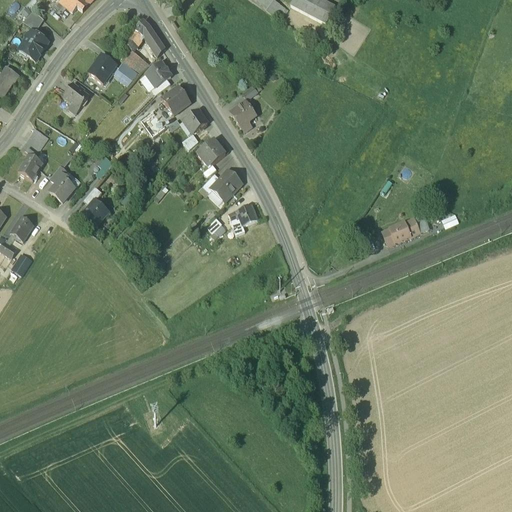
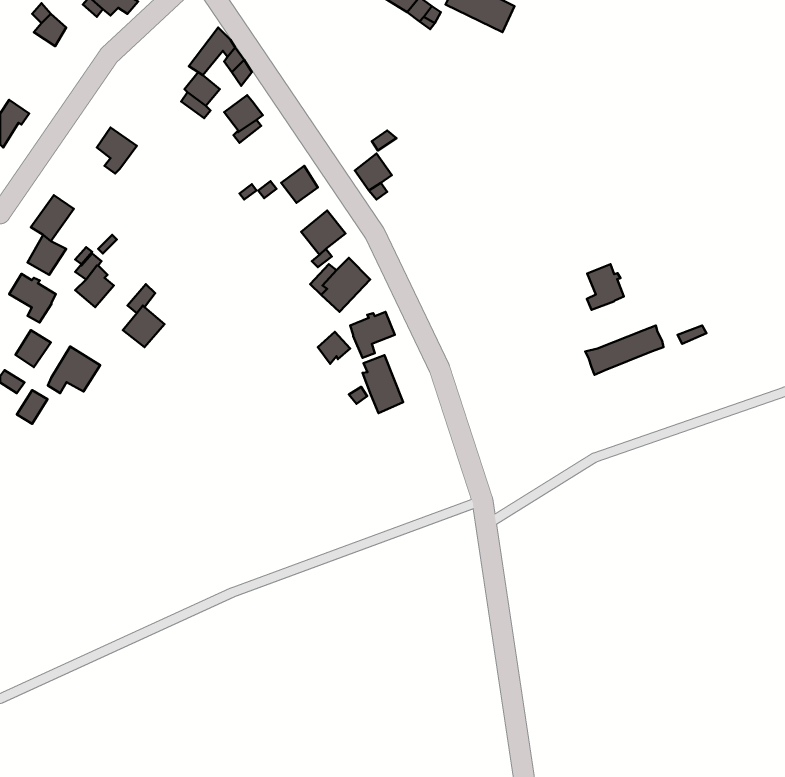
building: [19,30,47,59] -> none
building: [88,53,116,82] -> none
building: [162,85,190,113] -> none
building: none -> [587,264,624,310]
building: none -> [9,274,56,323]
building: none -> [48,346,100,393]
building: none -> [363,355,403,413]

